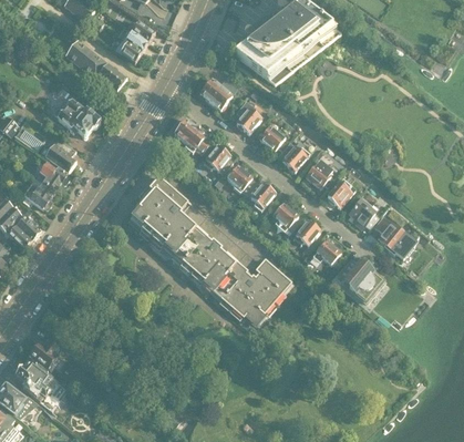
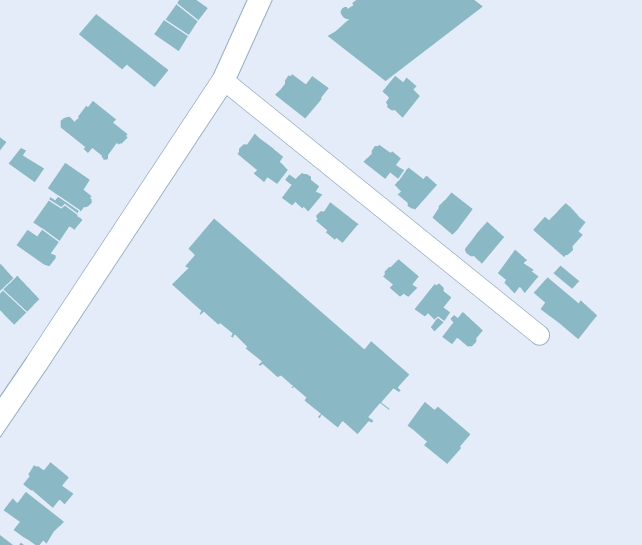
building: [234,103,260,133] -> [382,75,421,119]
building: none -> [532,202,587,258]
building: [245,181,275,209] -> none
building: [337,257,381,300] -> [407,401,472,465]

